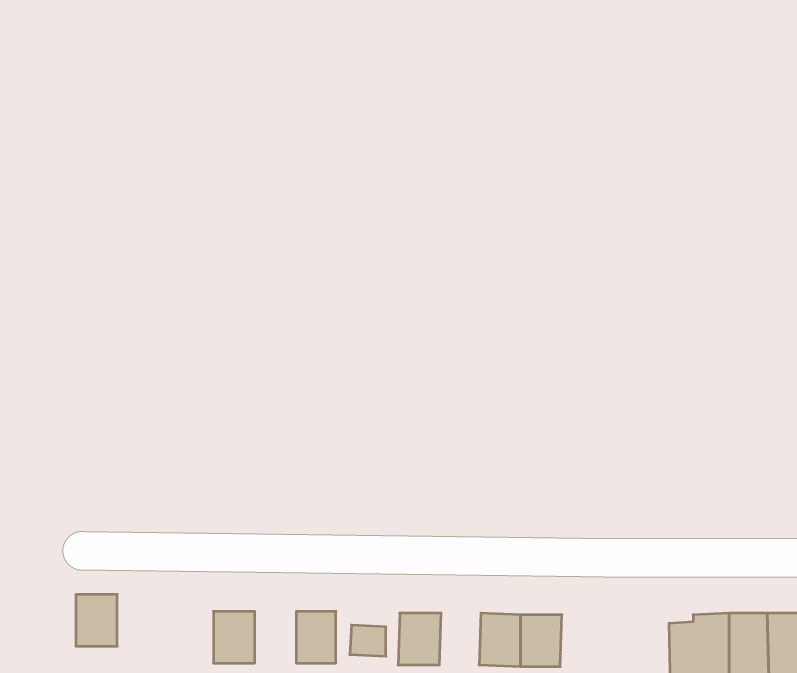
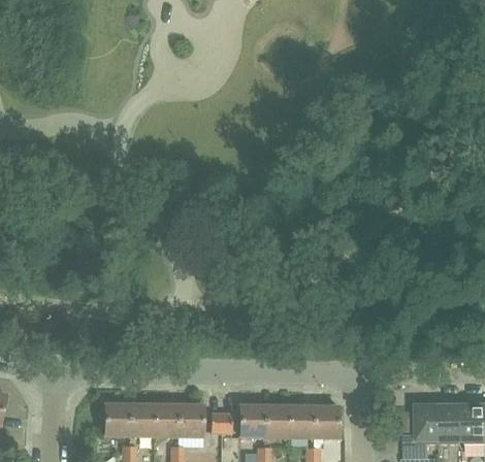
building: [76,594,117,646] -> [105,403,130,434]
building: none -> [155,403,180,434]
building: none -> [265,404,290,435]

